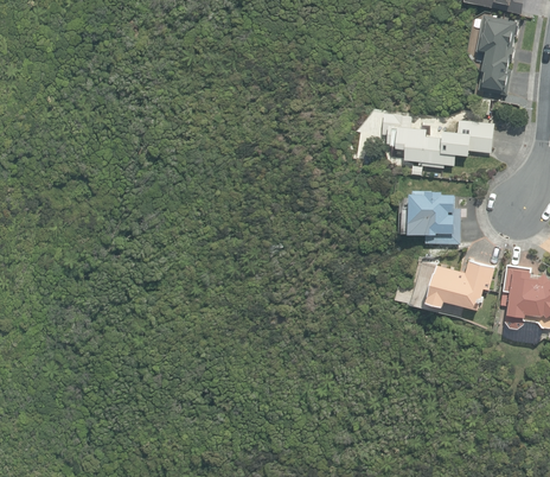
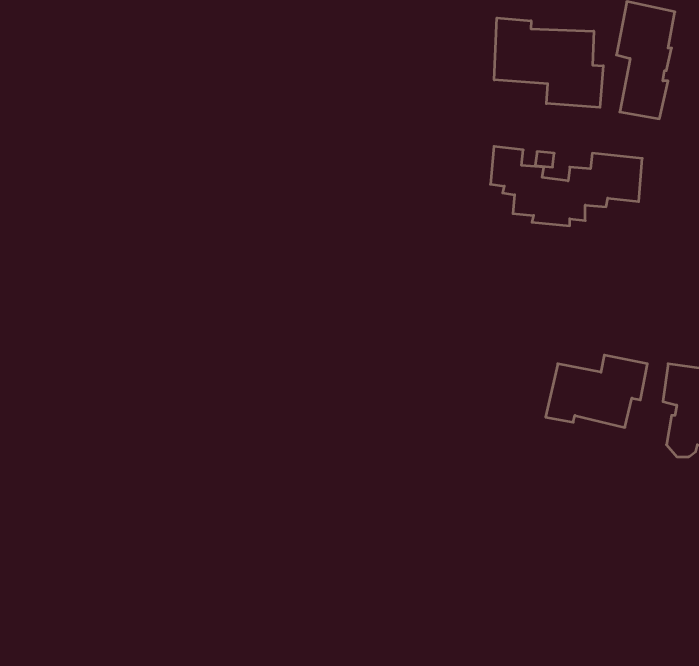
building: none -> [494,18,603,107]
building: [399,190,456,243] -> none

